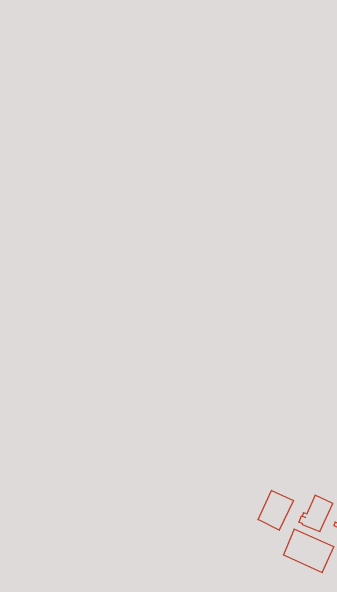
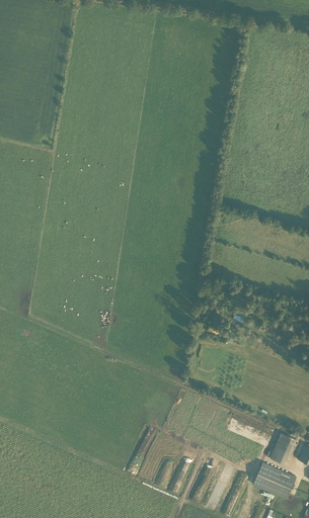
building: [258,490,293,530] -> none

